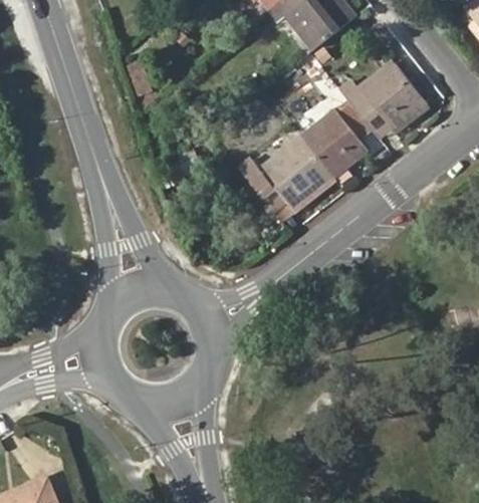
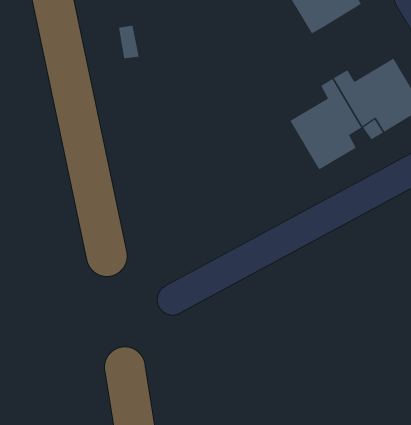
building: [239,134,336,211] -> none

